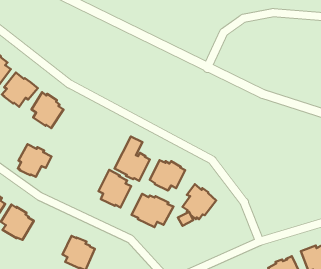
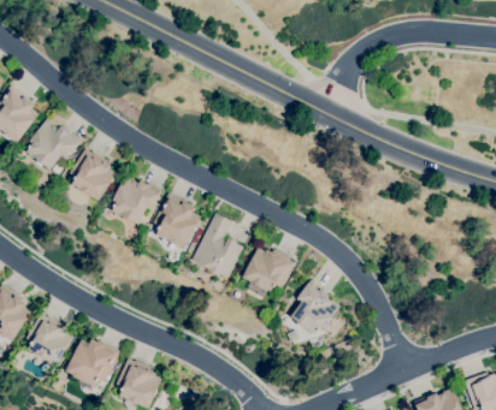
building: [18,144,51,177] -> [112,177,161,225]
building: [98,170,131,207] -> [153,194,201,249]
building: [132,194,174,227] -> none
building: none -> [66,340,120,387]

